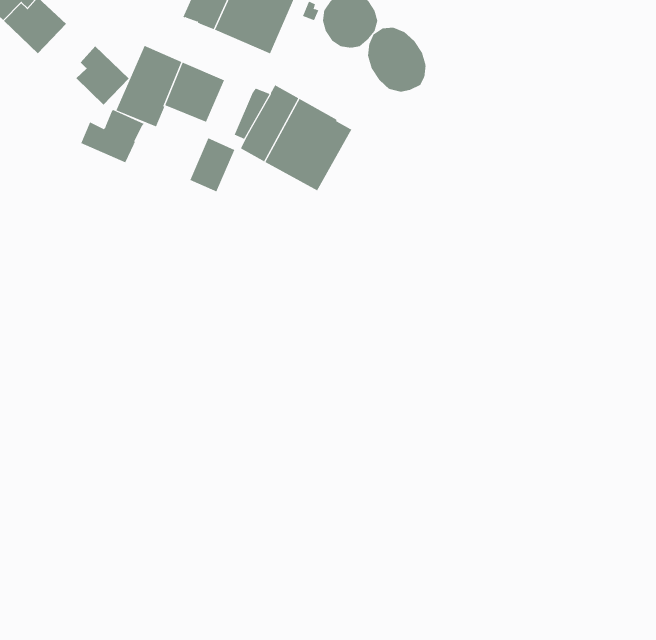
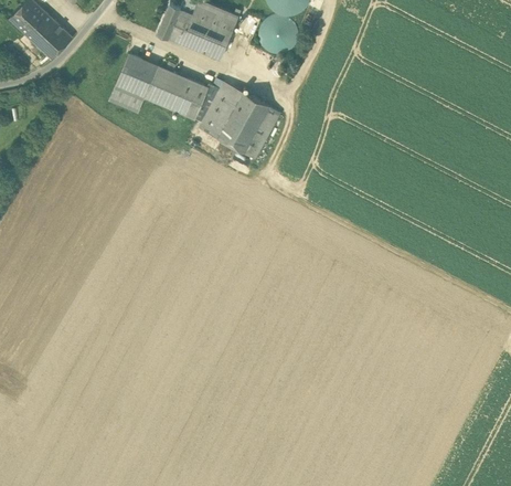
building: [367,27,426,93] -> none
building: [76,46,130,105] -> none
building: [81,109,145,163] -> none
building: [190,138,235,192] -> [173,77,206,117]

